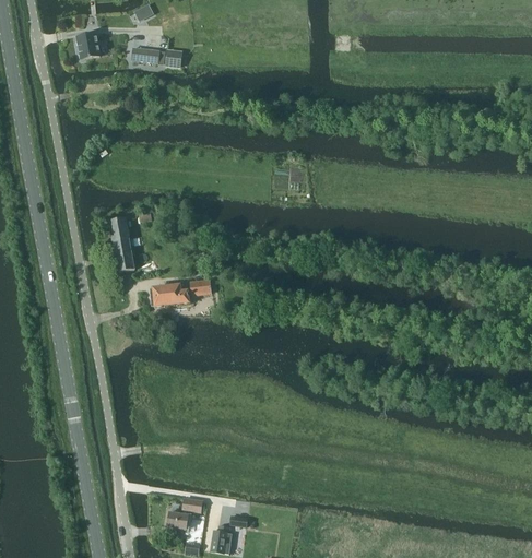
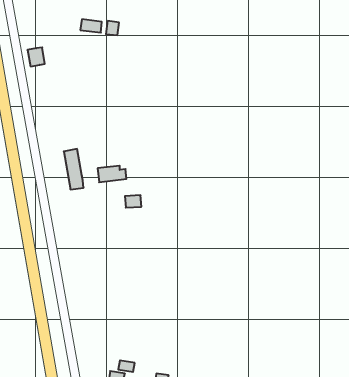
building: [78,33,101,58] -> [27,47,45,66]
building: [153,284,191,306] -> [98,166,126,182]

